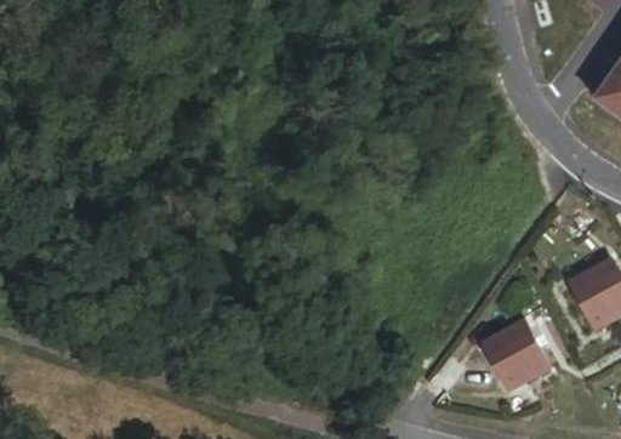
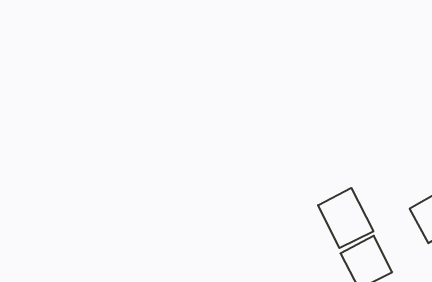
building: none -> [318,188,373,248]

